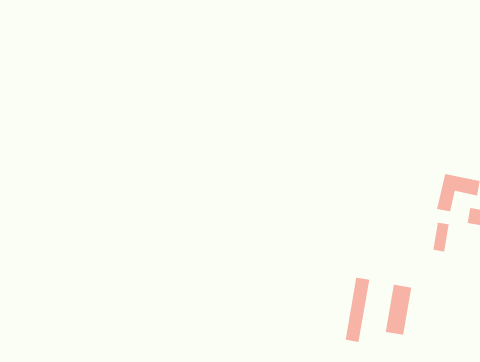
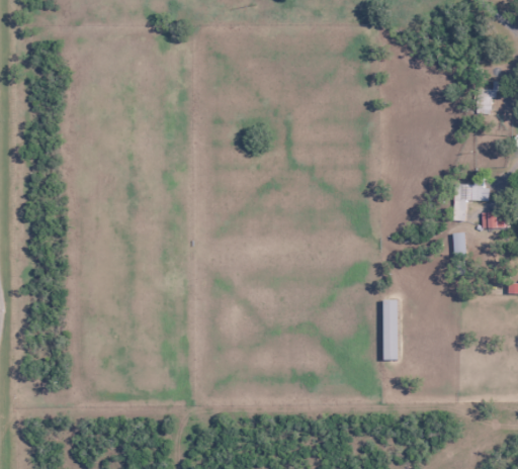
building: [385,284,412,336] -> none

